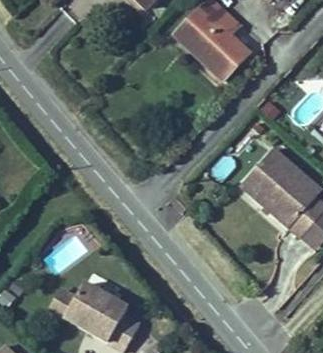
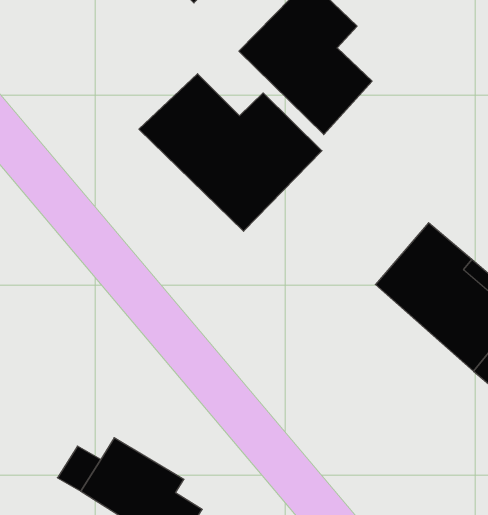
building: none -> [139,74,322,231]

